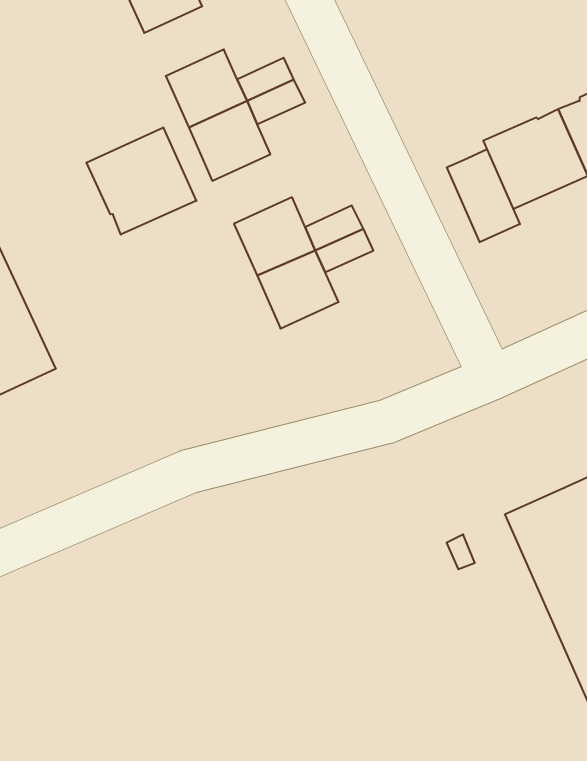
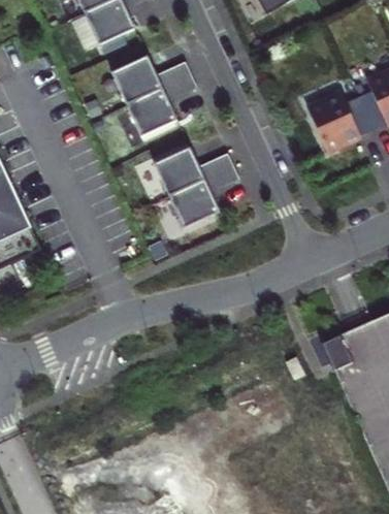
building: [87,127,196,235] -> none
building: [447,149,520,242] -> none

